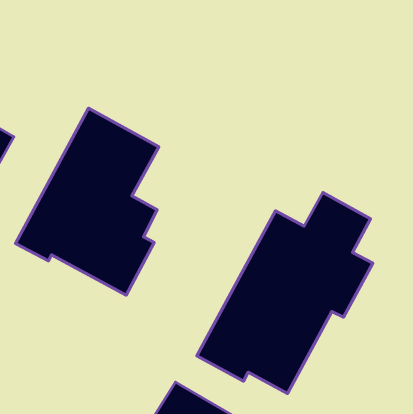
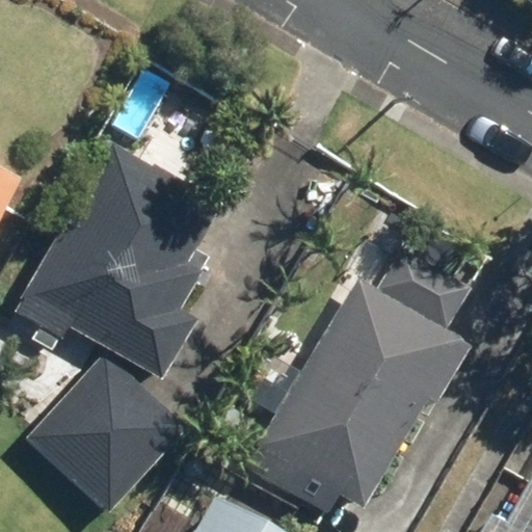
building: none -> [20,357,183,522]

